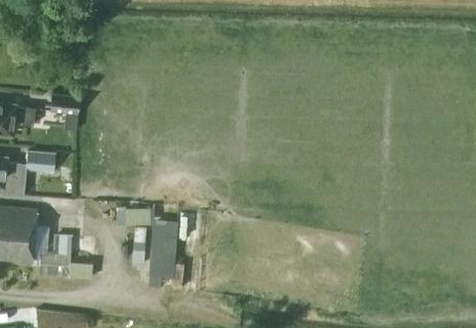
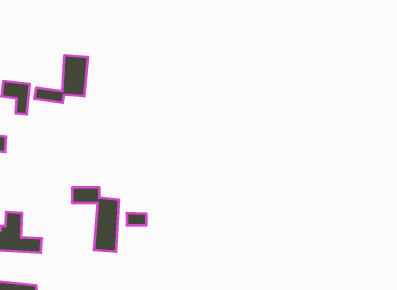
building: none -> [35,55,88,103]

